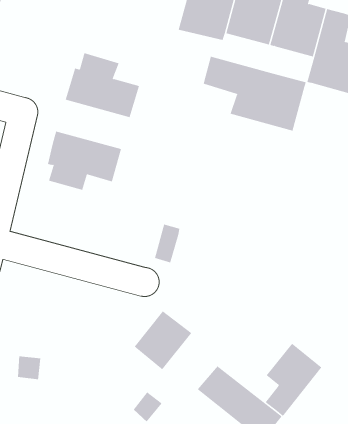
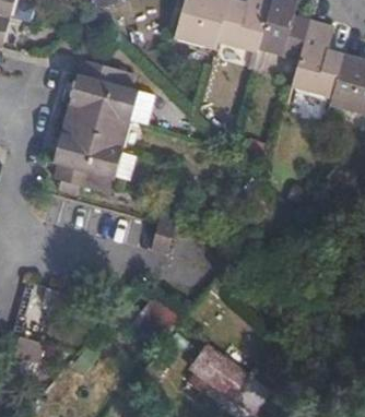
building: [203,56,307,131] -> none
building: none -> [61,104,130,148]
building: [265,343,322,417] -> none

